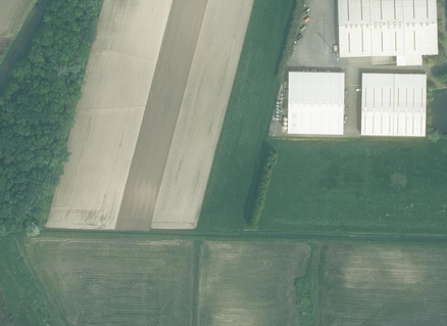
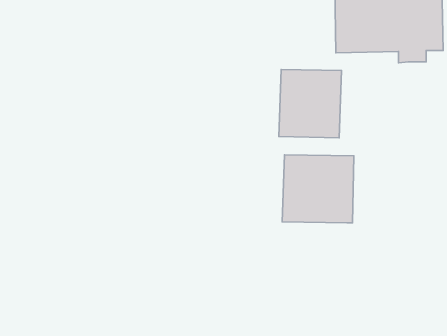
building: [360,73,426,135] -> [282,155,354,223]

